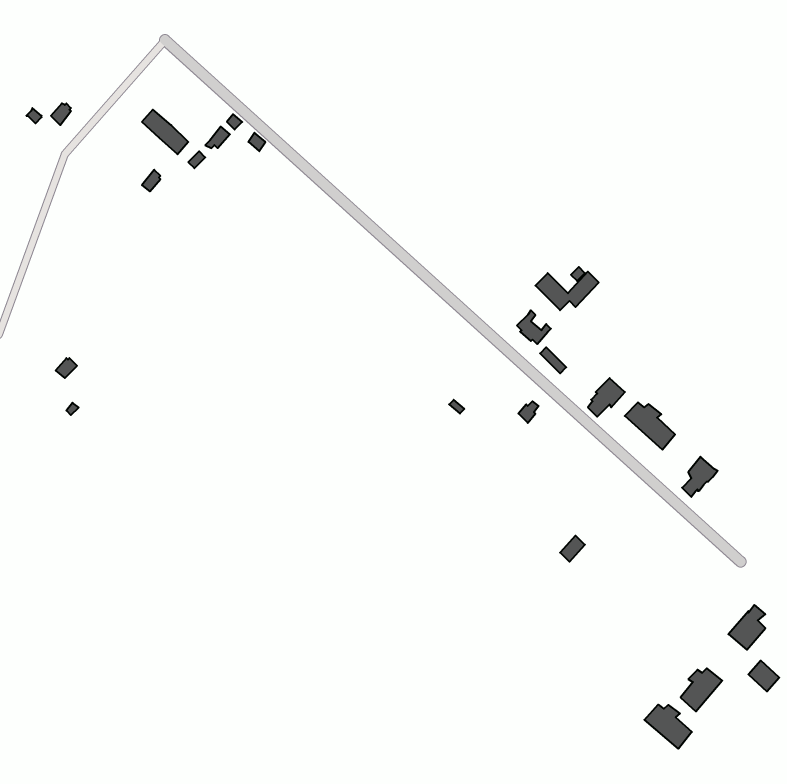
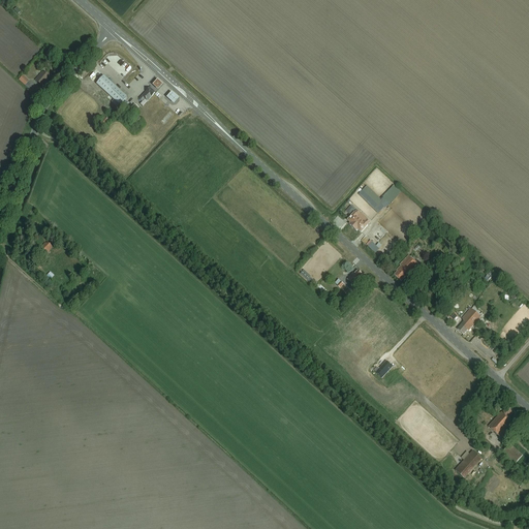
building: [625,402,675,450] -> none
building: [644,705,692,749] -> none

